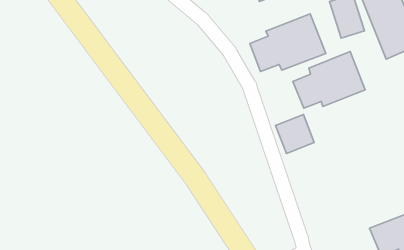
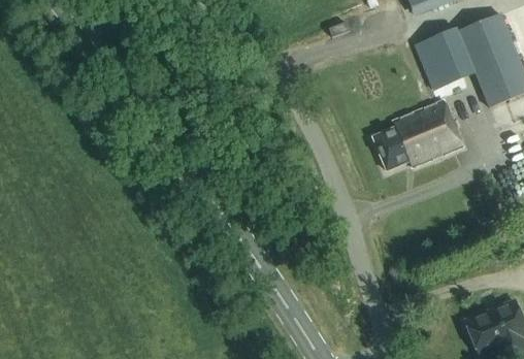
building: [250,14,326,71] -> none
building: [275,114,314,153] -> none

